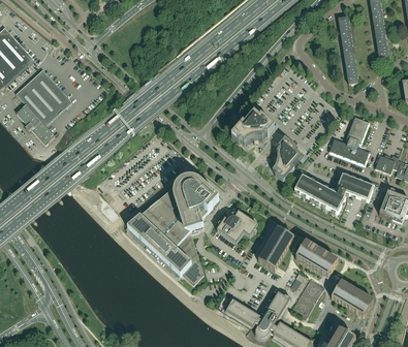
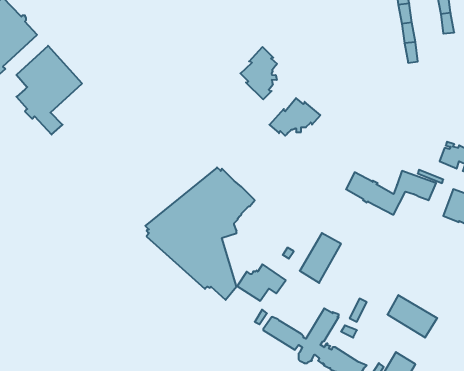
building: none -> [240,47,277,99]
building: [329,115,370,164] -> none
building: [273,136,303,180] -> none
building: [217,211,258,242] -> [237,264,286,301]
building: [295,241,338,277] -> none

